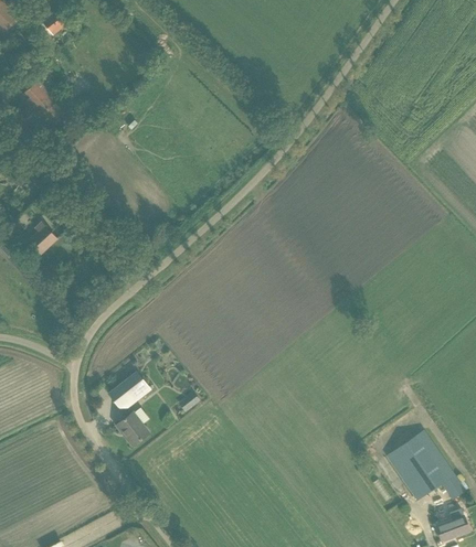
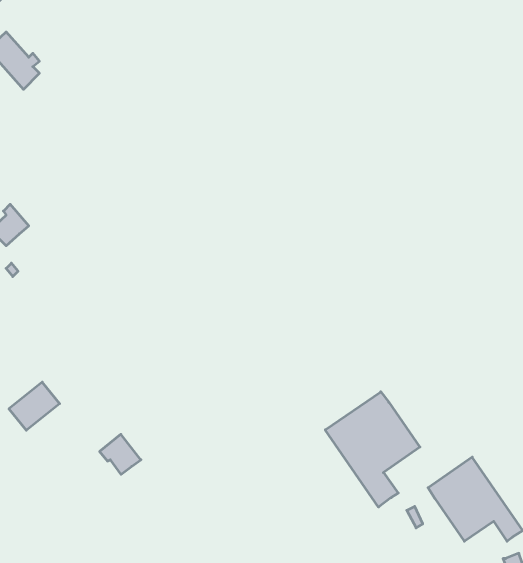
building: [107,371,149,410] -> [9,382,60,430]
building: none -> [325,392,420,507]

